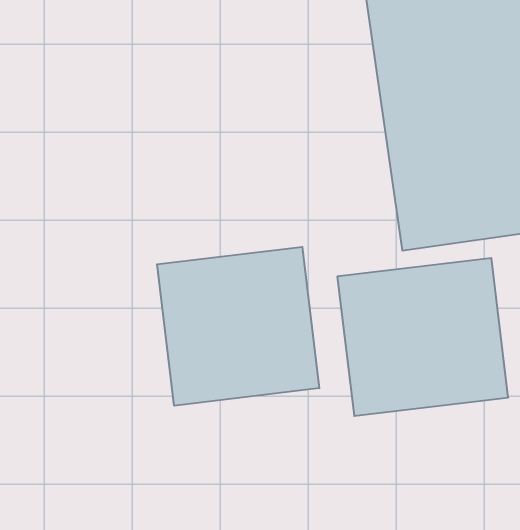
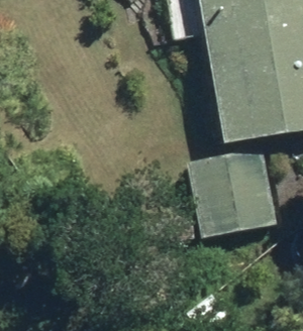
building: [157,247,319,406] -> none

